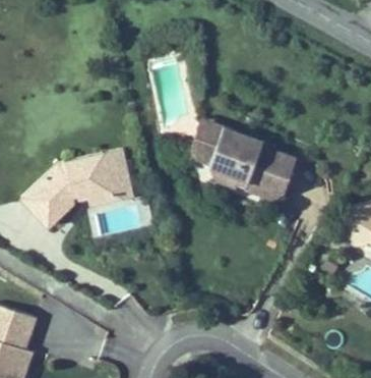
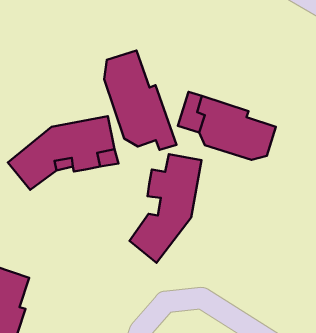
building: none -> [104,50,176,150]
building: none -> [130,154,201,263]

